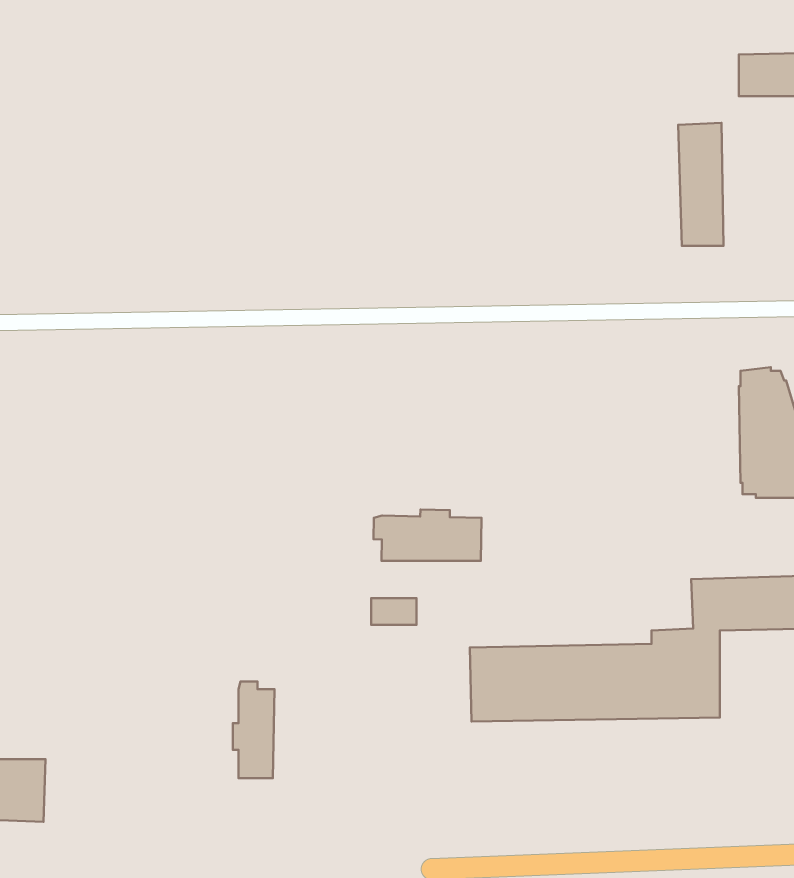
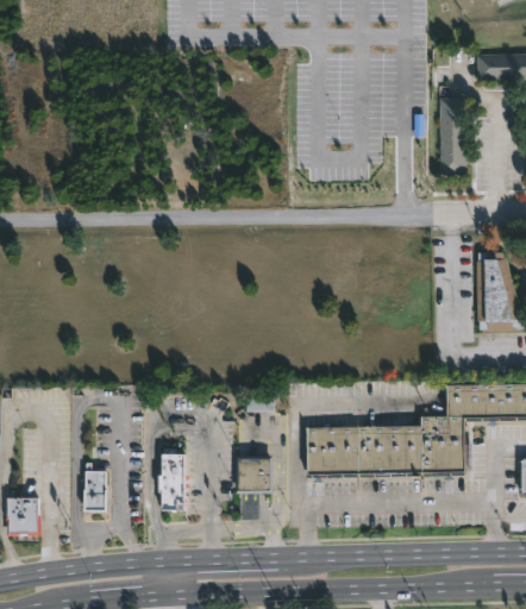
building: [373,509,482,561] -> none
building: none -> [236,456,273,492]
building: none -> [84,463,107,510]

